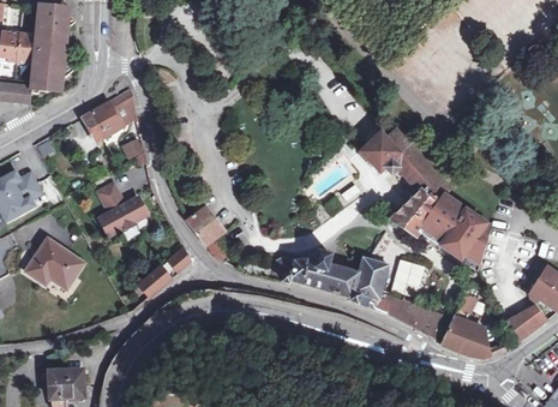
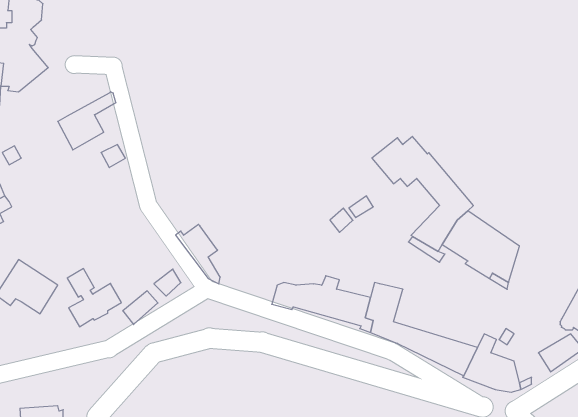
building: [98,182,146,234] -> [67,269,121,327]
building: [390,258,426,298] -> none

